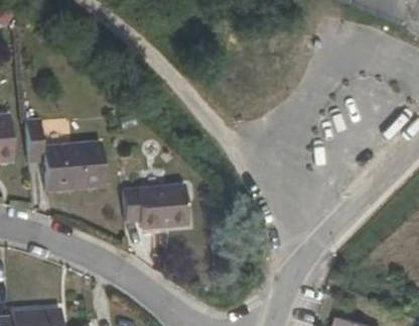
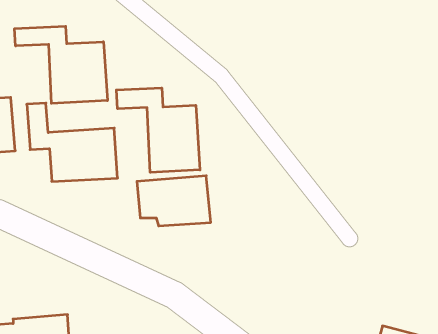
building: none -> [15,26,107,103]
building: none -> [116,88,200,172]

